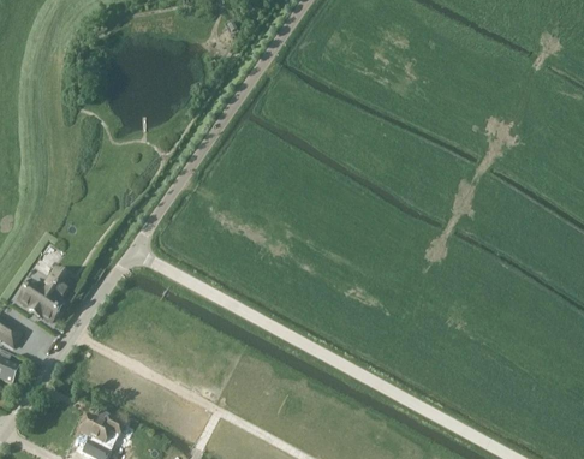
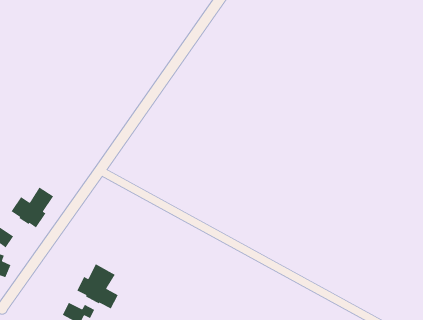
building: none -> [76,263,119,310]

